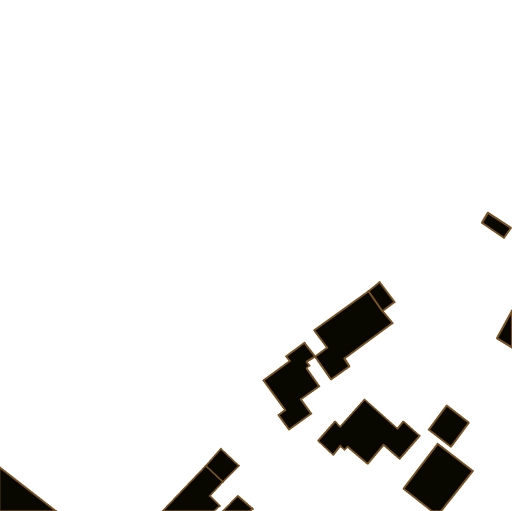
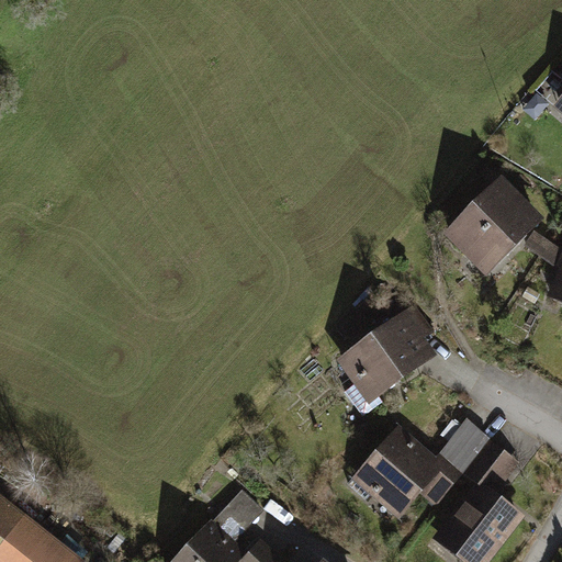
building: none -> [451,188,536,265]
building: [263,343,319,430] -> none
building: none -> [437,419,487,476]

